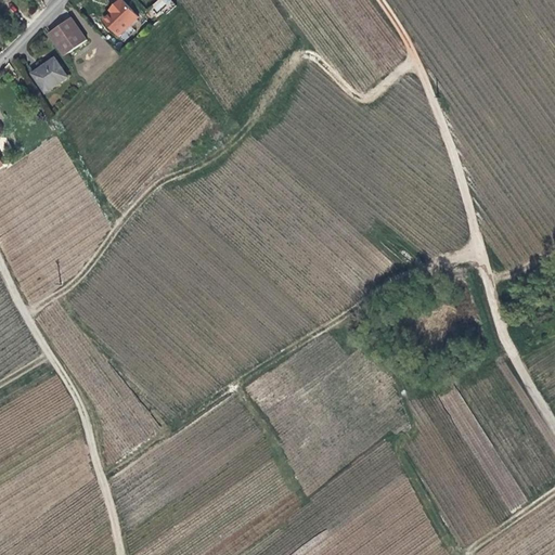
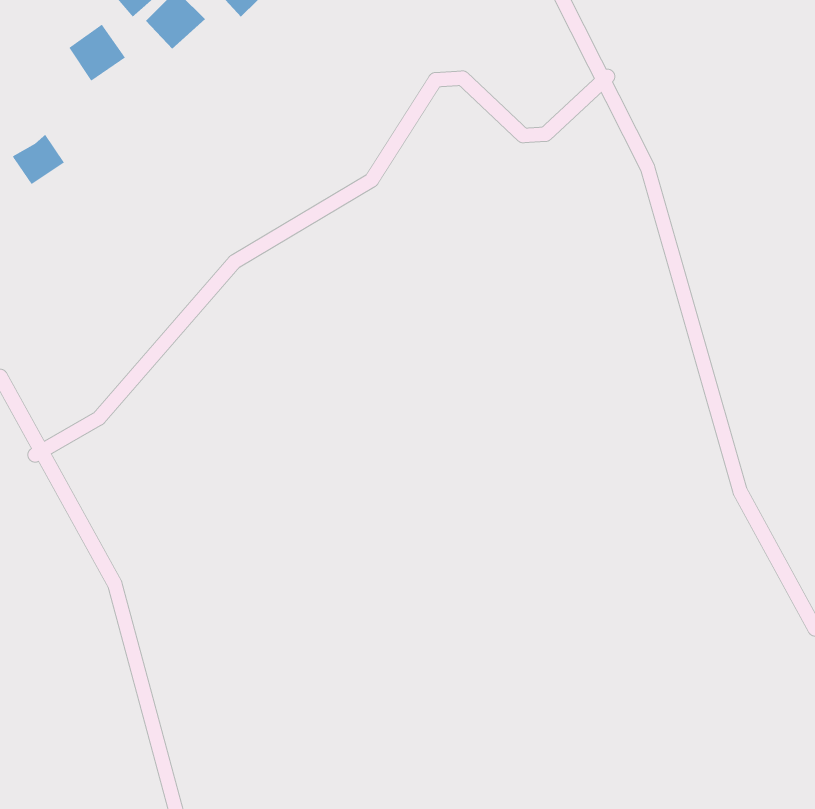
building: [33,55,68,90] -> [12,134,65,185]

